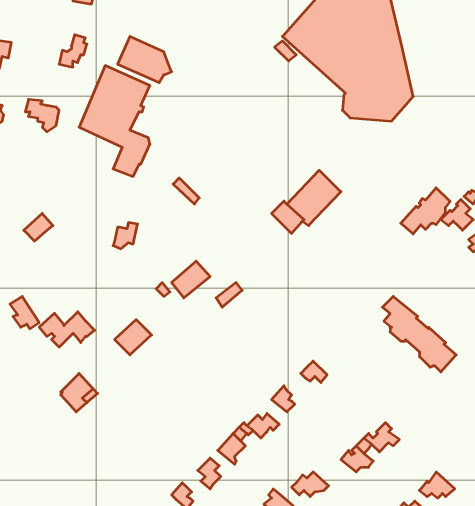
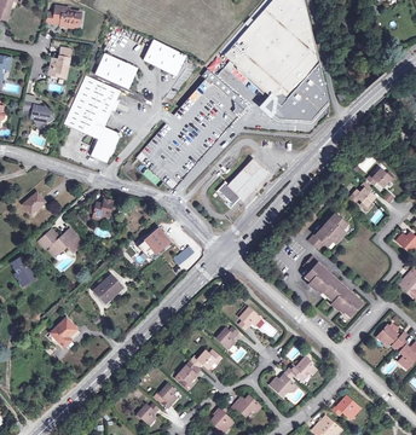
building: none -> [143,37,186,74]
building: [401,188,450,234] -> [308,213,347,249]
building: [39,312,95,347] -> [39,228,82,256]

